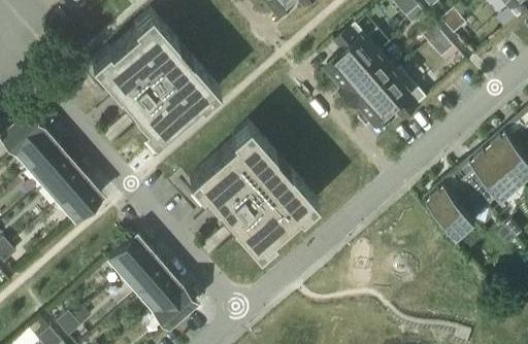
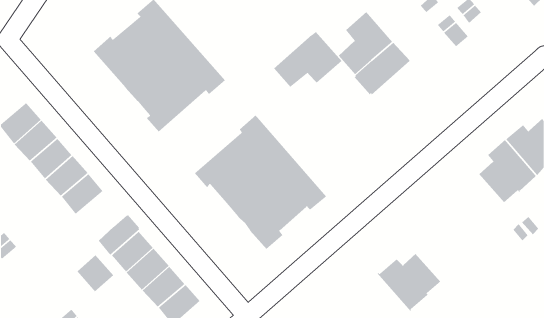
building: [360,68,427,123] -> [273,31,343,88]
building: [425,180,488,237] -> [376,253,441,312]
building: none -> [98,214,140,255]
building: none -> [76,254,114,292]

